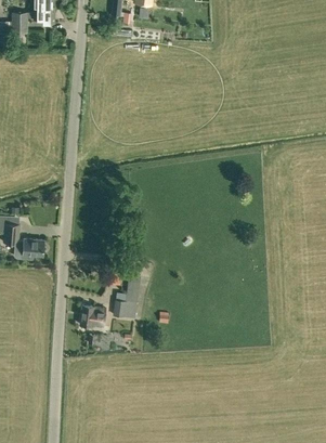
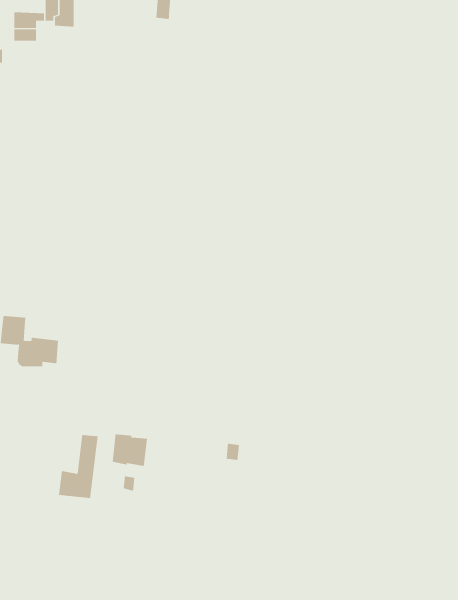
building: [113,273,141,317] -> [58,434,99,498]

